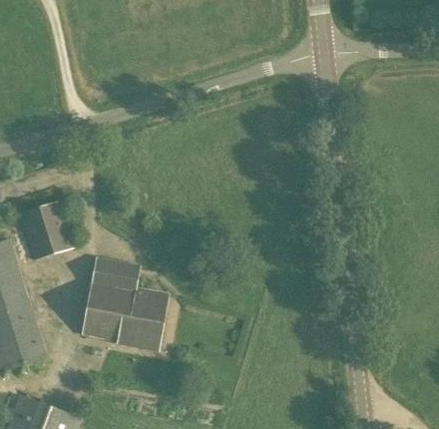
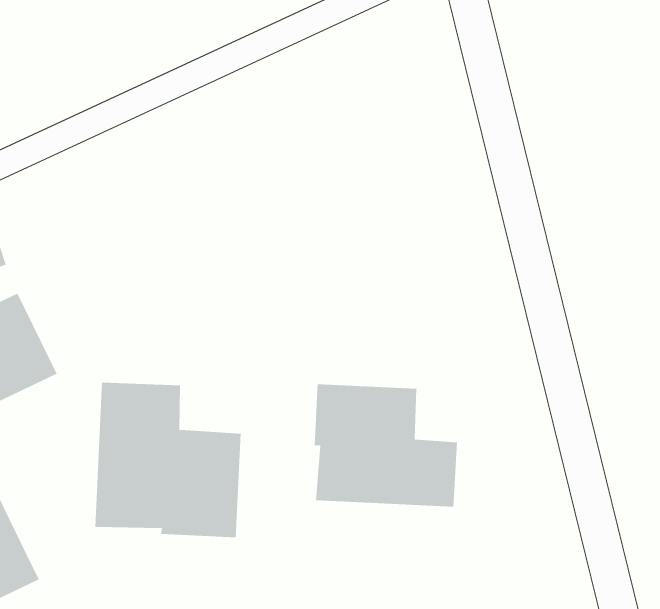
building: none -> [314,383,458,508]

